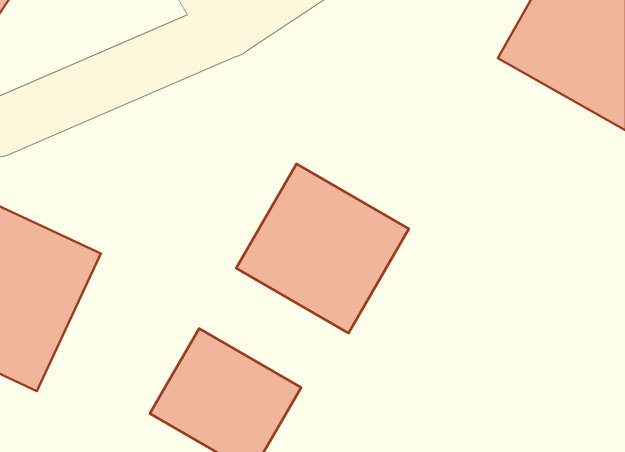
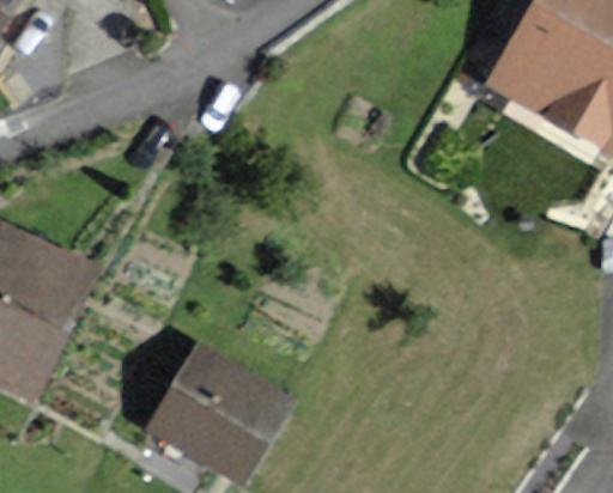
building: [236,164,409,333] -> none

